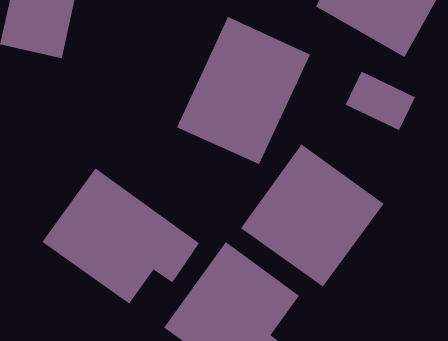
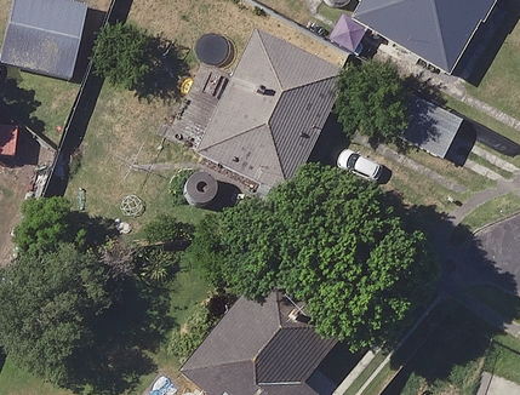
building: [240,143,385,287] -> none
building: [41,168,200,304] -> none

